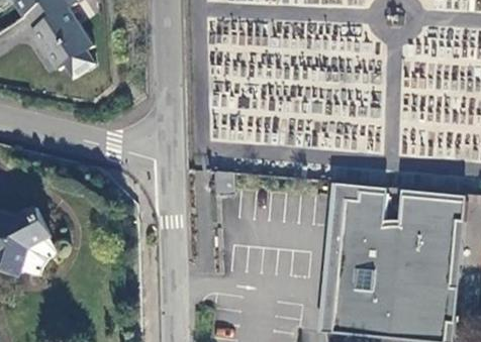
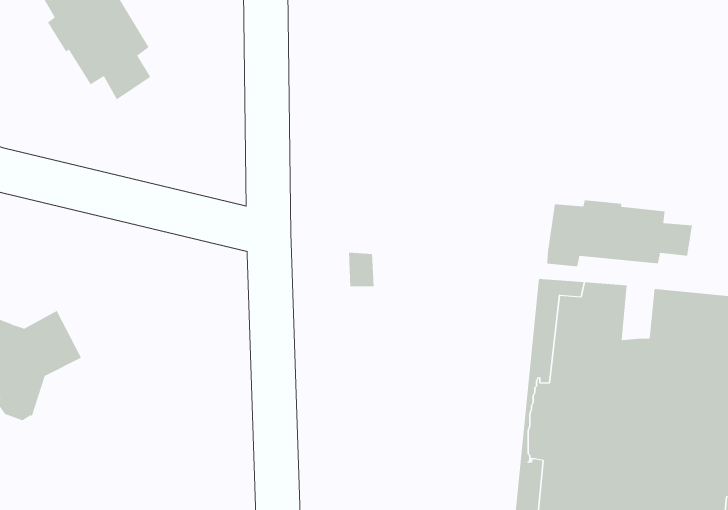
building: none -> [547,200,692,267]

